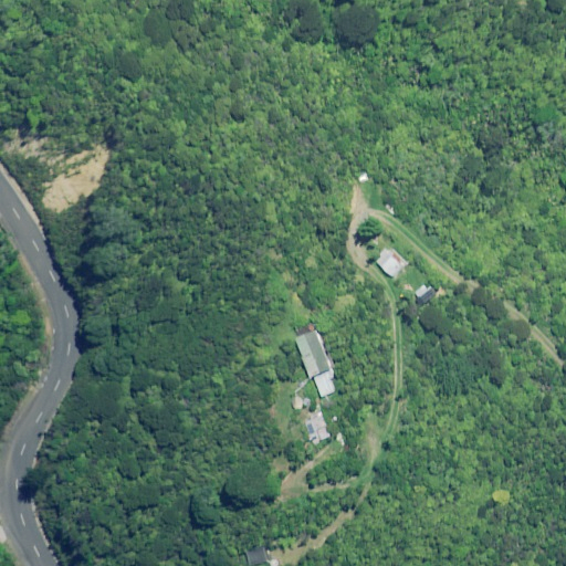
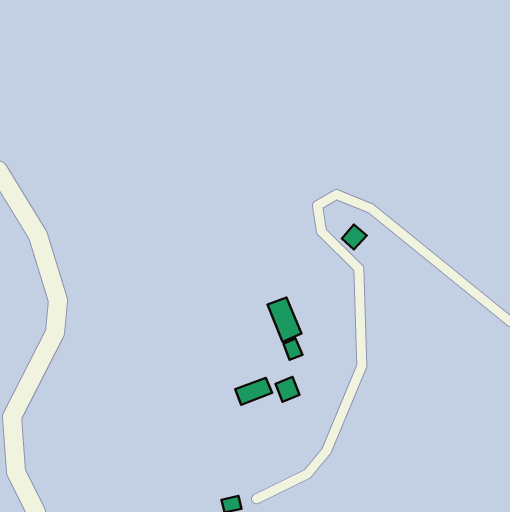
building: none -> [235,378,272,405]

